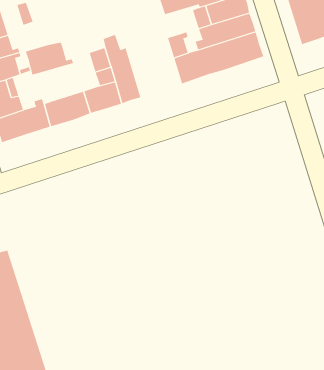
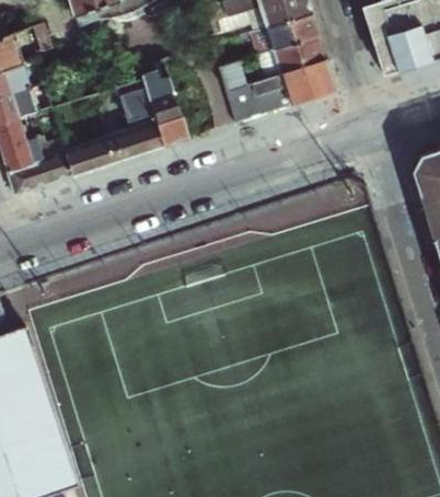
building: [25,42,74,75] -> none

